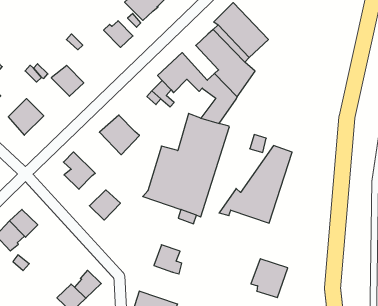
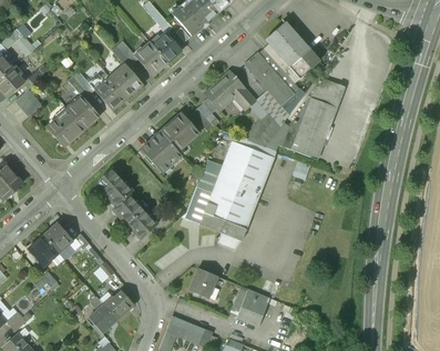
building: none -> [135,41,167,74]
building: none -> [111,63,142,96]
building: none -> [68,96,99,128]
building: none -> [162,113,198,149]
building: [219,146,292,223] -> [265,79,344,159]
building: none -> [113,192,144,223]
building: [251,259,288,298] -> [231,285,269,327]

